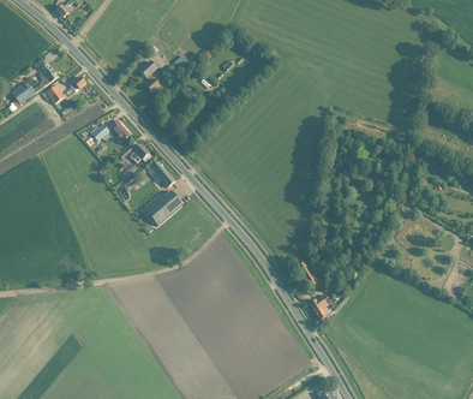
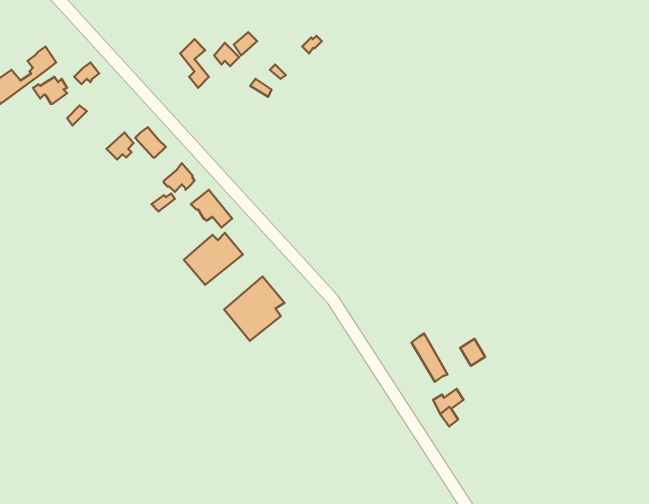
building: none -> [224,277,284,341]

